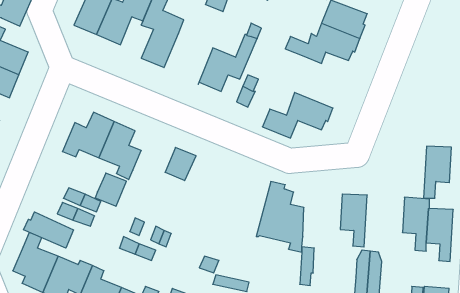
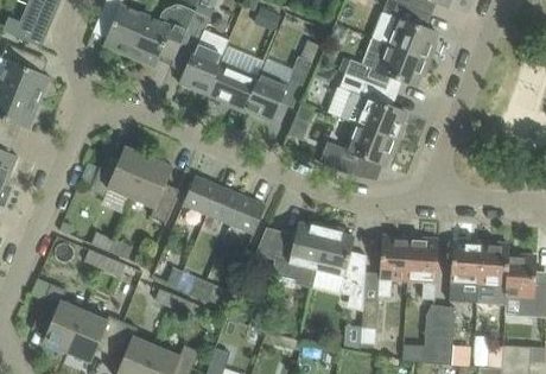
building: none -> [205,55,261,113]
building: none -> [339,72,407,140]
building: [423,146,451,198] -> [449,241,481,300]
building: none -> [229,195,265,234]
building: [95,173,126,206] -> [183,176,218,214]
building: none -> [268,220,328,287]
building: none -> [377,236,410,296]
building: [24,212,74,248] -> none

